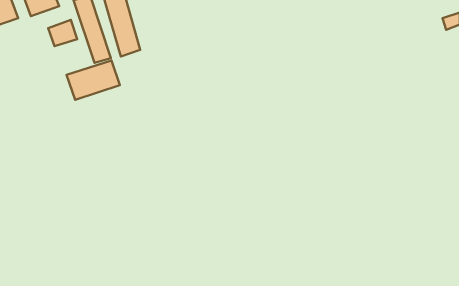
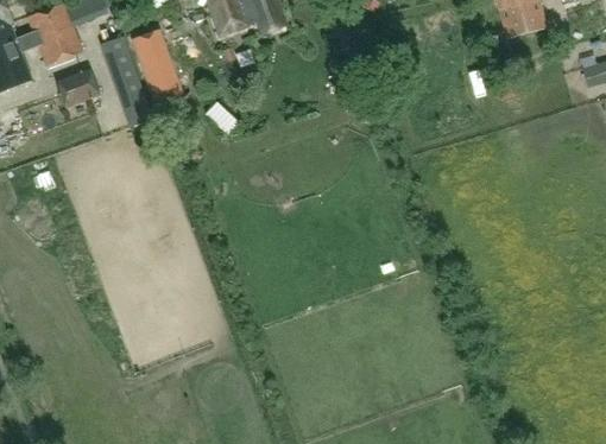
building: [66,60,120,100] -> none

